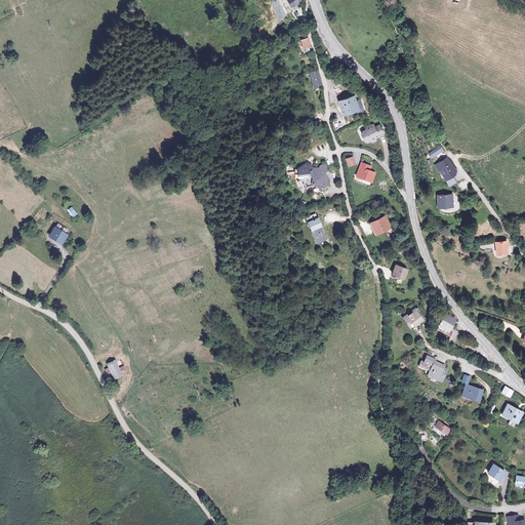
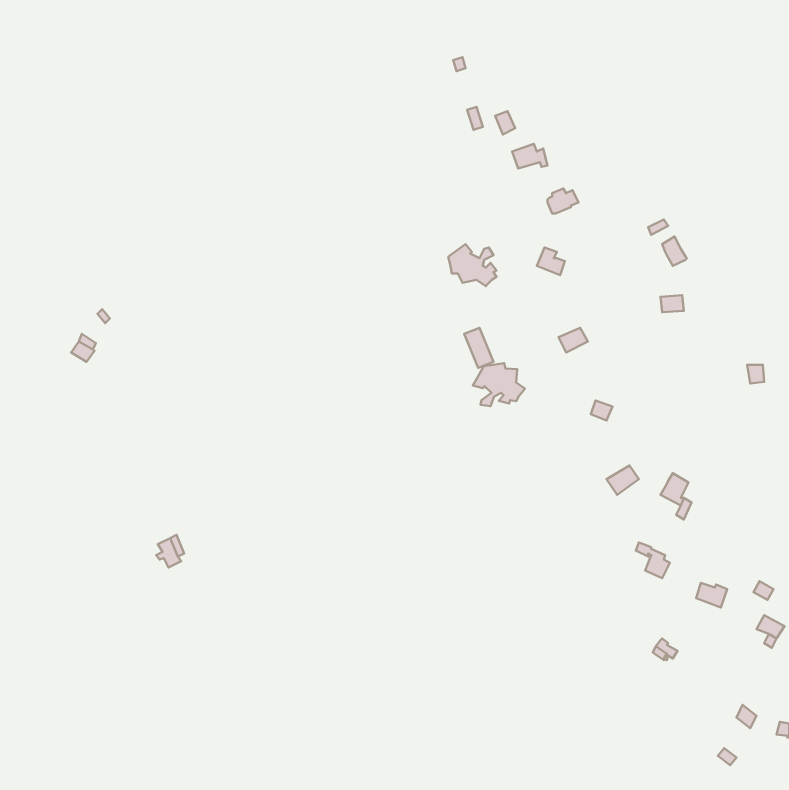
building: none -> [473,363,525,406]

